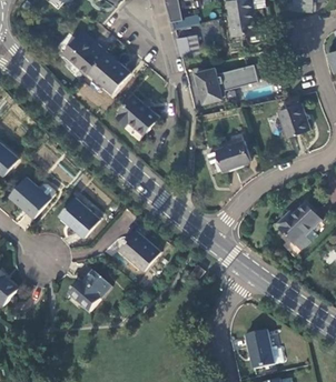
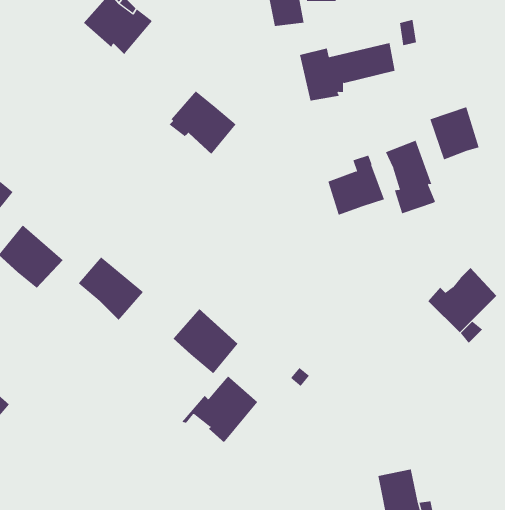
building: [89,51,129,91] -> none
building: none -> [385,140,436,214]
building: [63,269,111,311] -> [181,375,258,443]

